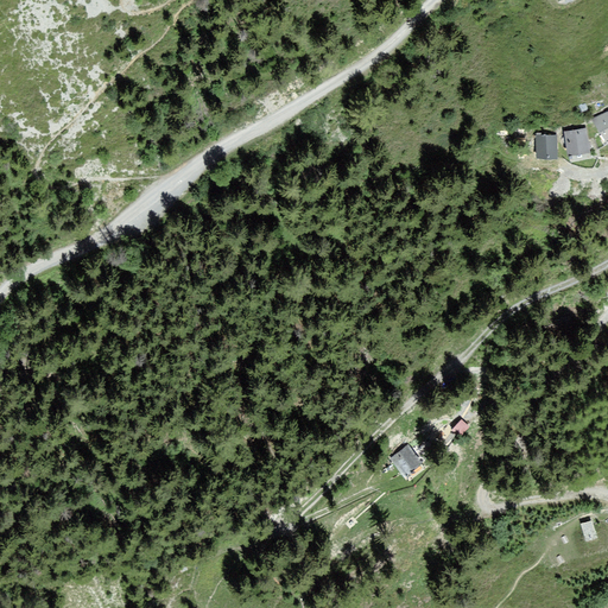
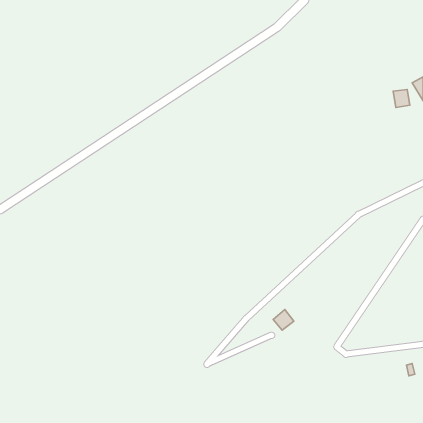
building: [534,134,557,158] -> none

